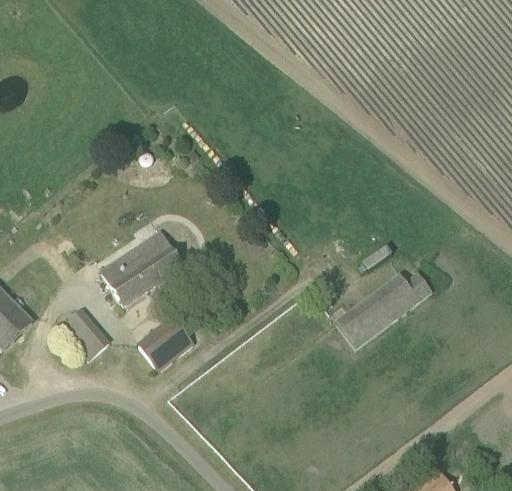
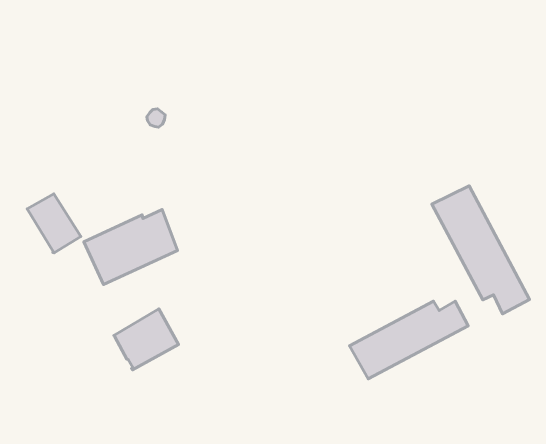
building: none -> [432,186,530,314]
building: [60,309,108,358] -> [27,194,81,253]

